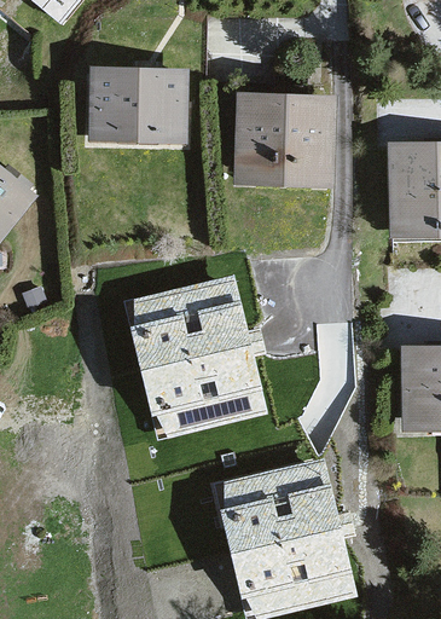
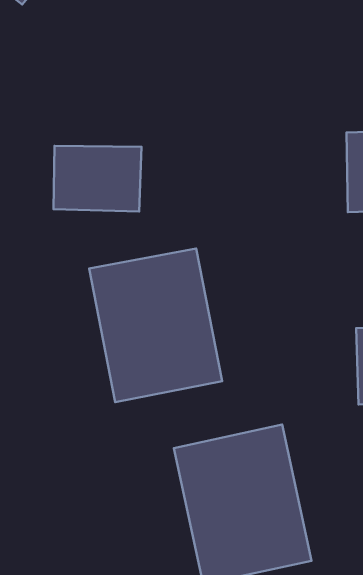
building: [91,76,181,144] -> [53,146,142,211]
building: [237,102,327,189] -> none

